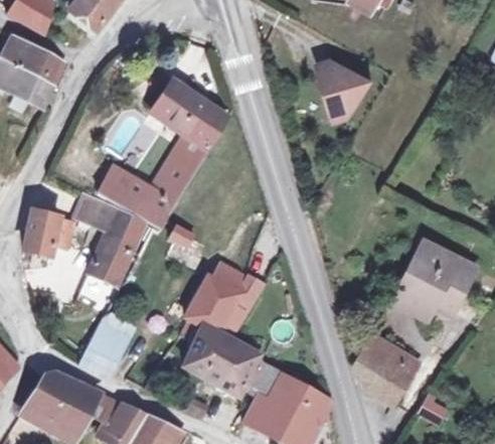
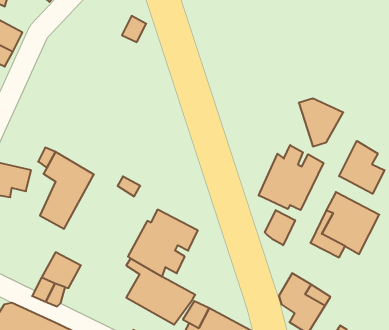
building: [316,55,367,111] -> [299,99,343,146]
building: [96,81,227,228] -> none
building: none -> [339,141,384,194]
building: none -> [259,145,323,210]
building: none -> [265,210,295,245]

